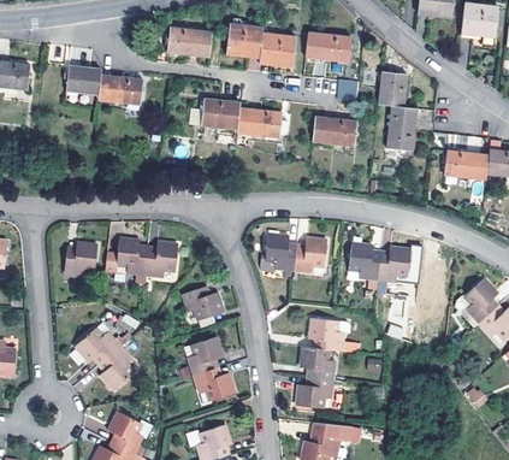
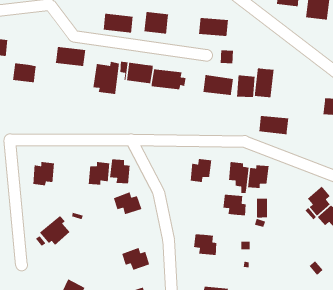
building: [260,33,296,67] -> none
building: [66,65,102,95] -> [12,62,37,83]
building: [379,72,407,106] -> [236,75,255,98]
building: none -> [92,61,120,95]
building: [444,151,489,179] -> [258,115,289,135]
building: [265,234,296,279] -> none
building: [117,238,148,276] -> [109,159,131,184]
building: [308,318,343,350] -> [223,194,247,216]
building: [188,336,224,376] -> none
building: [97,344,136,390] -> none
building: [295,377,332,408] -> none

